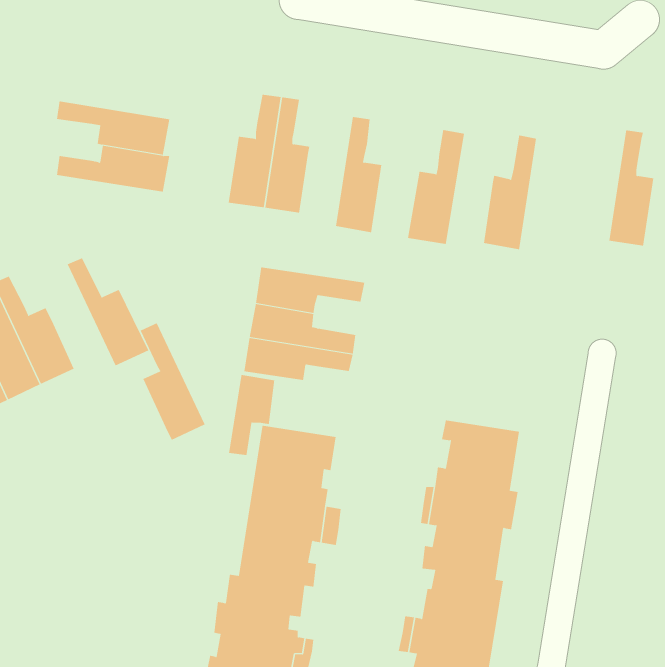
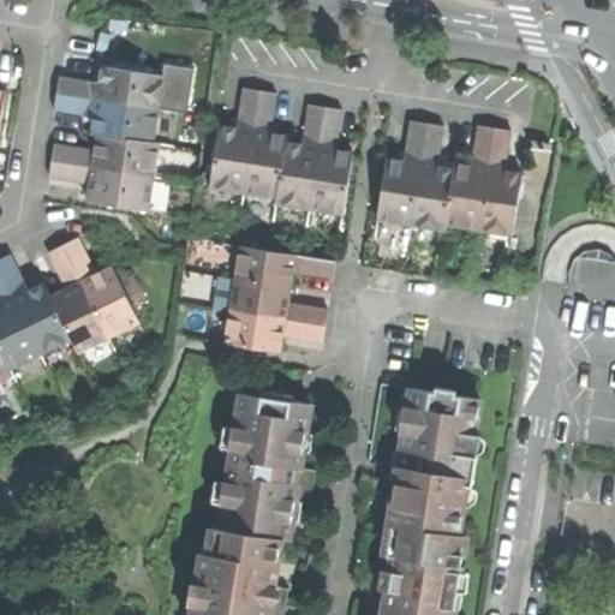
building: none -> [54,65,175,113]
building: none -> [274,106,323,209]
building: [608,130,654,246] -> [477,129,519,235]
building: none -> [410,124,452,231]
building: none -> [49,162,150,211]
building: [140,323,205,440] -> [46,244,106,352]
building: [228,374,275,456] -> none

